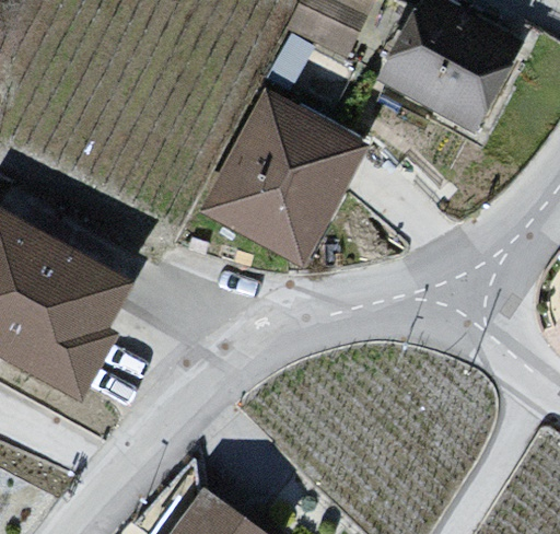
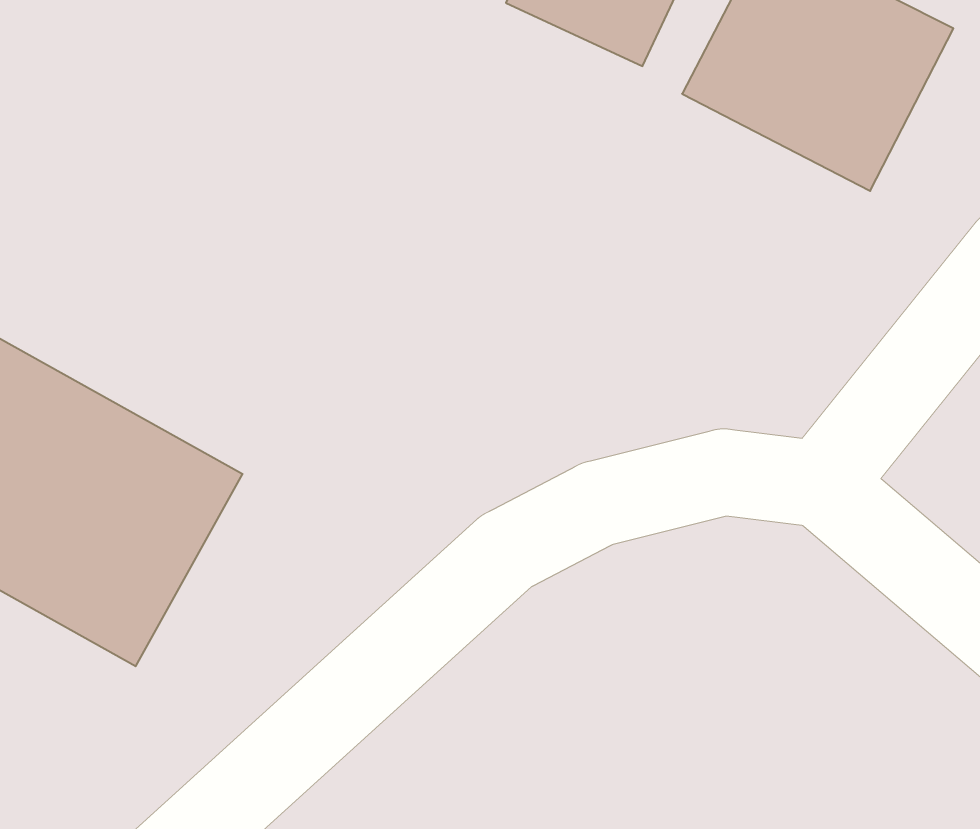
building: [200,90,369,264] -> none

